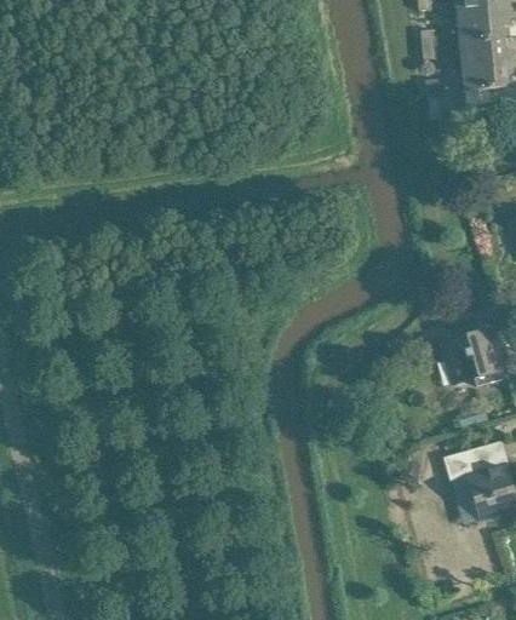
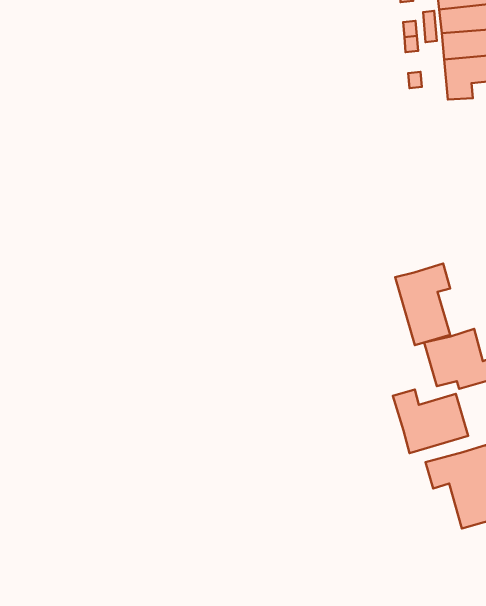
building: none -> [395,263,450,345]
building: none -> [393,389,468,453]

